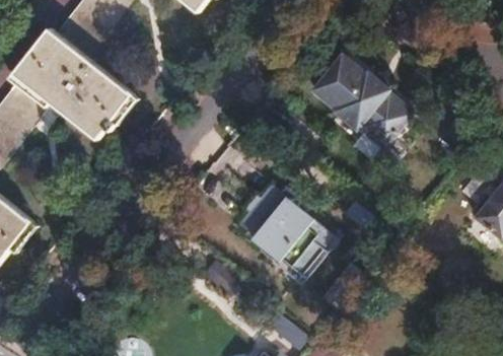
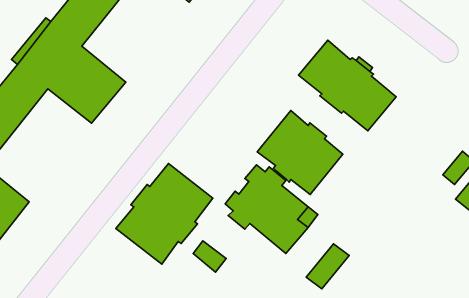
building: none -> [257,110,343,195]
building: none -> [116,164,213,264]

